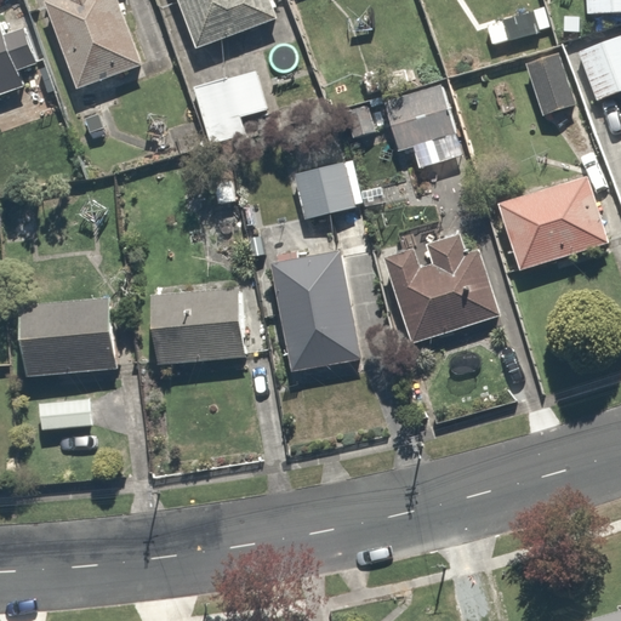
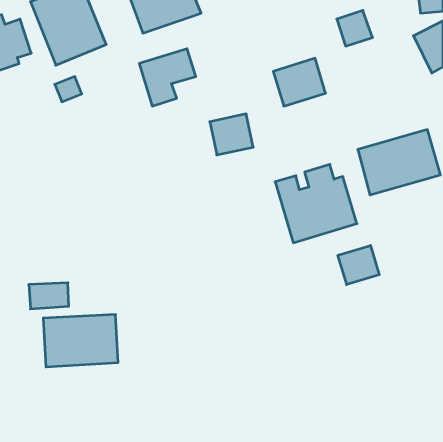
building: [522,42,585,116] -> none
building: [268,249,359,368] -> none
building: [148,285,249,370] -> none
building: [23,303,127,376] -> [43,315,118,367]
building: none -> [338,245,379,285]

